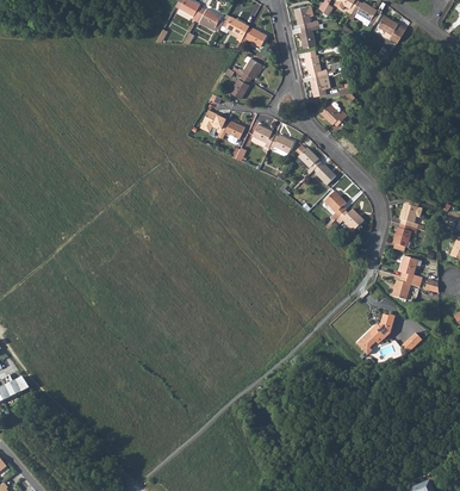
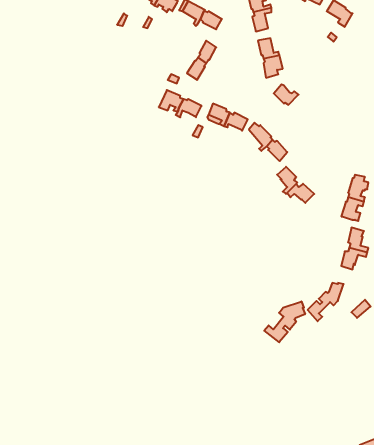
building: none -> [264,301,305,342]

